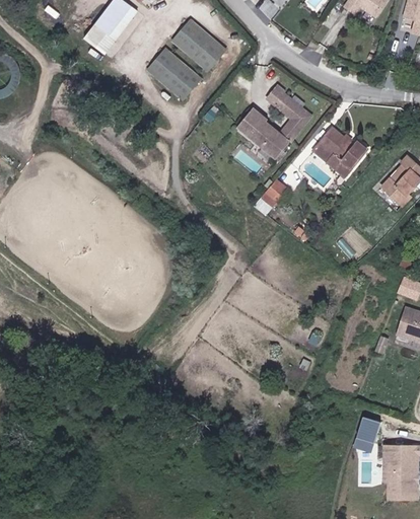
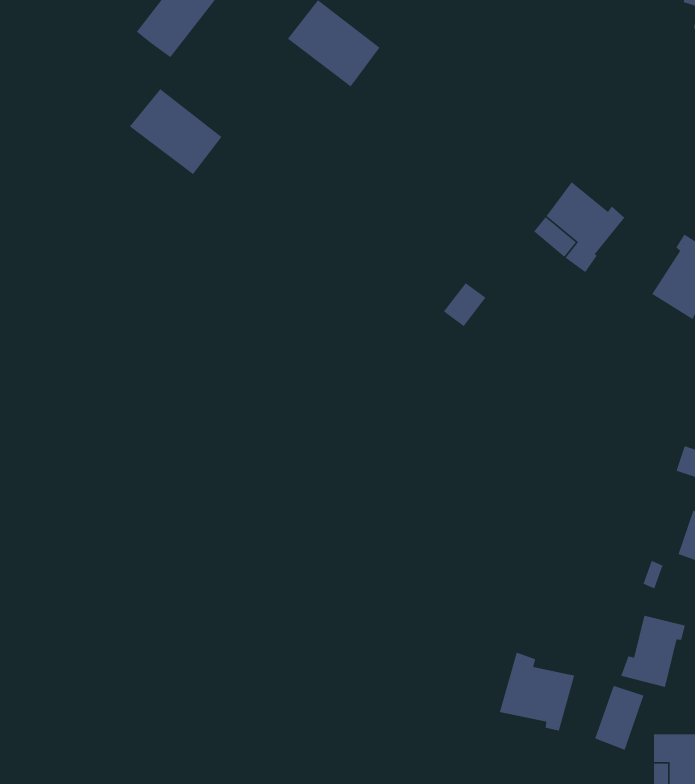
building: [144,48,199,98] -> [129,88,223,175]
building: [231,94,306,162] -> none
building: none -> [620,615,686,688]
building: none -> [499,651,575,732]

